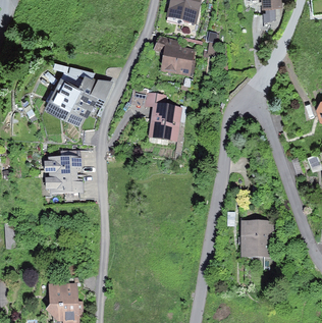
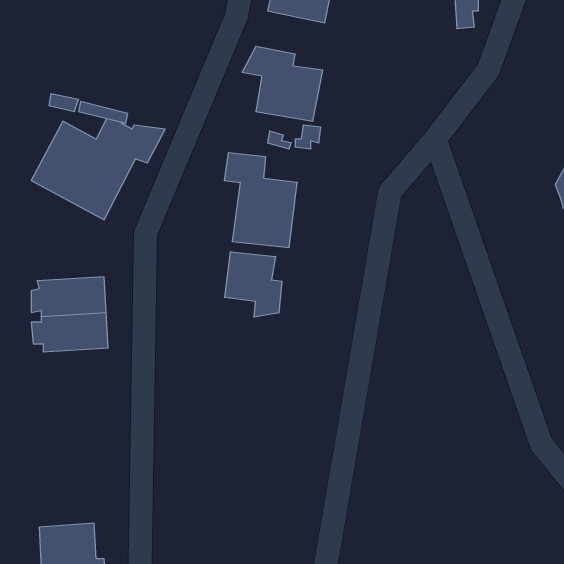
building: none -> [225,252,282,317]
building: [240,223,274,259] -> none

